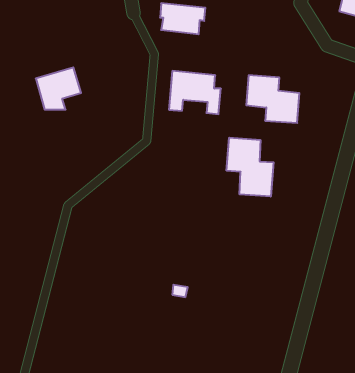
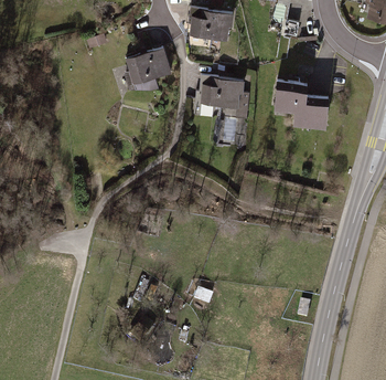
building: [36,67,81,110] -> [126,48,171,89]
building: [227,138,274,197] -> none

